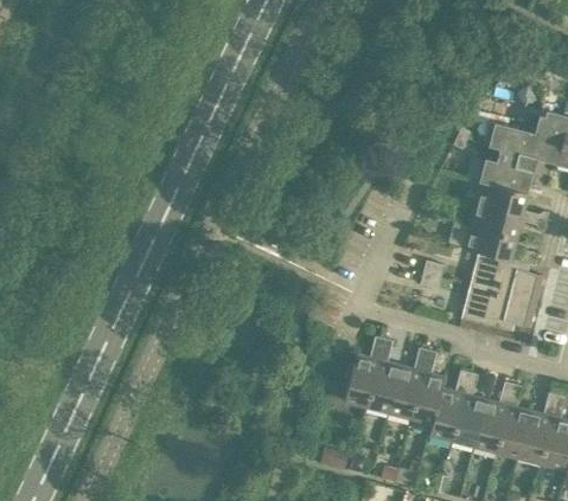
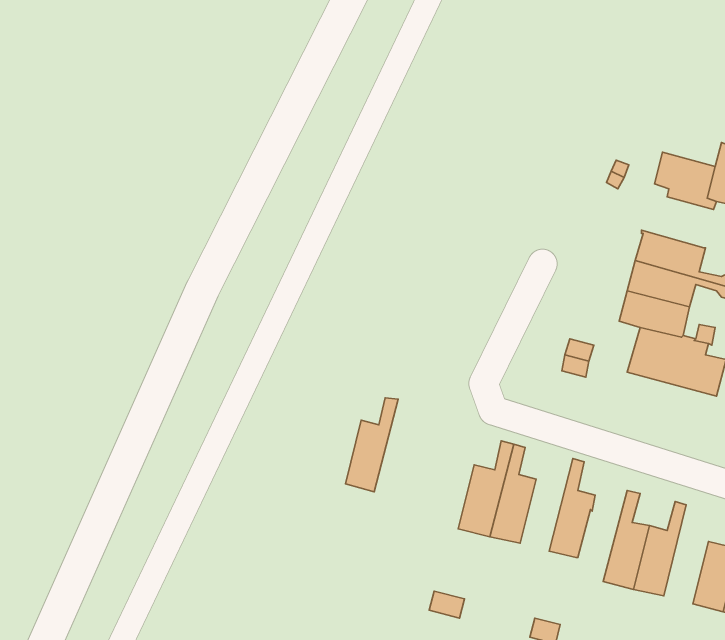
building: [479,155,532,193] -> none
building: [460,285,535,330] -> none
building: [389,348,428,418] -> [345,398,398,492]
building: [428,371,468,441] -> none
building: [496,384,529,457] -> none

